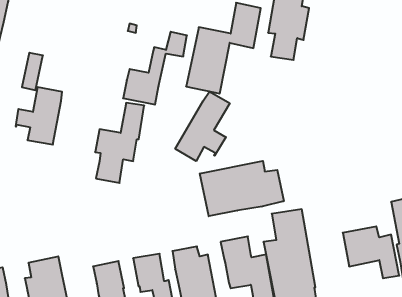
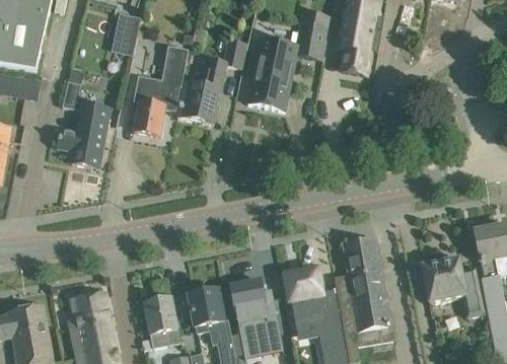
building: none -> [116,13,139,55]
building: [175,91,230,161] -> none
building: [95,103,144,183] -> [132,46,187,135]
building: [200,161,284,216] -> none

